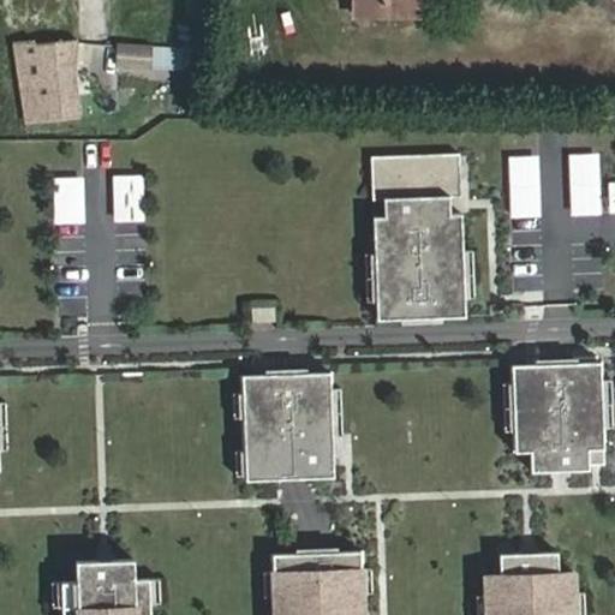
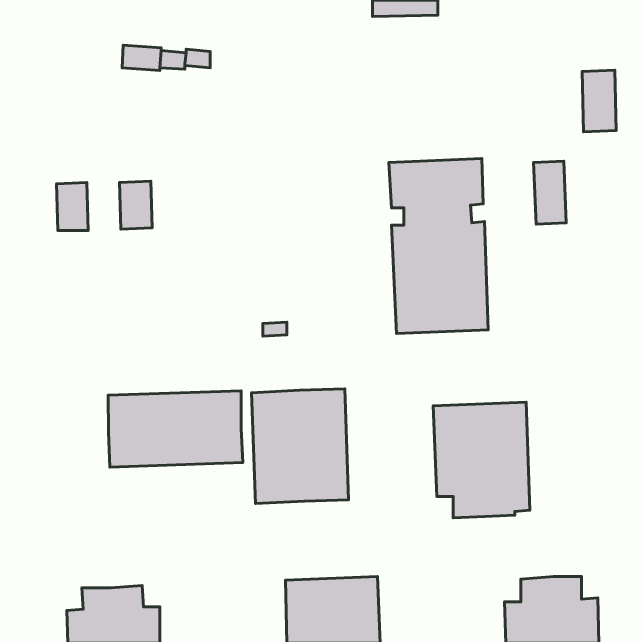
building: [16,41,83,126] -> none
building: [569,154,602,213] -> [582,70,616,132]
building: [510,363,603,473] -> [433,402,530,518]
building: none -> [108,391,243,467]

